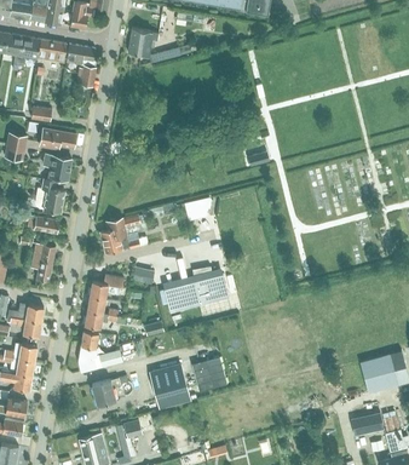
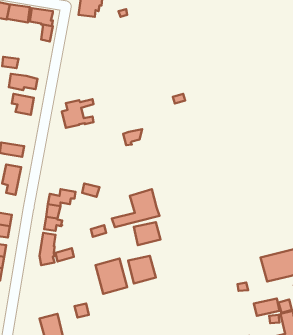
building: [35,178,63,212] -> none
building: [99,216,139,252] -> [62,99,93,128]
building: [165,282,198,311] -> [134,222,161,245]
building: [91,378,122,411] -> none

